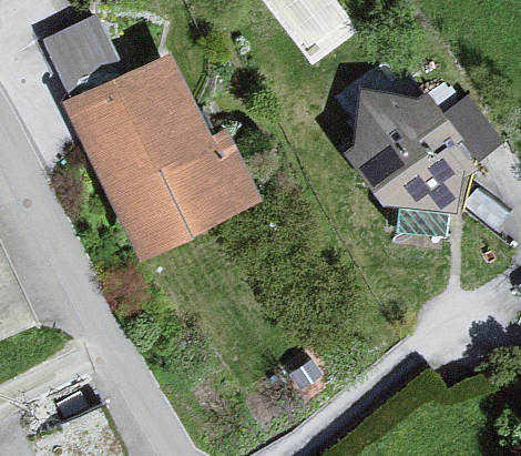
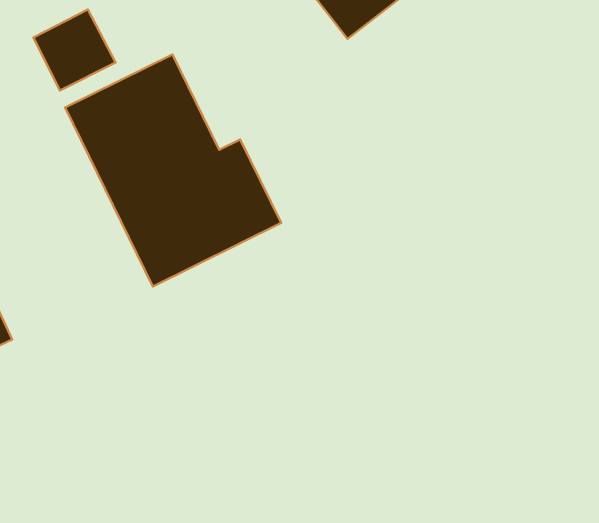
building: [344,87,460,213] -> none

